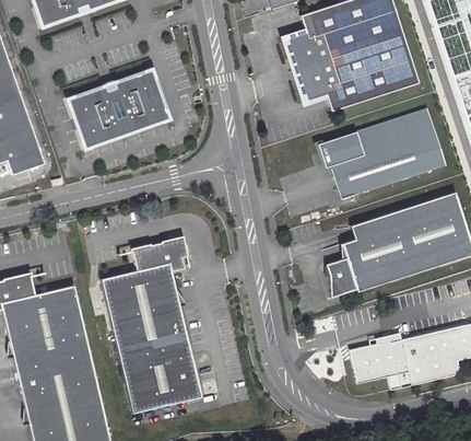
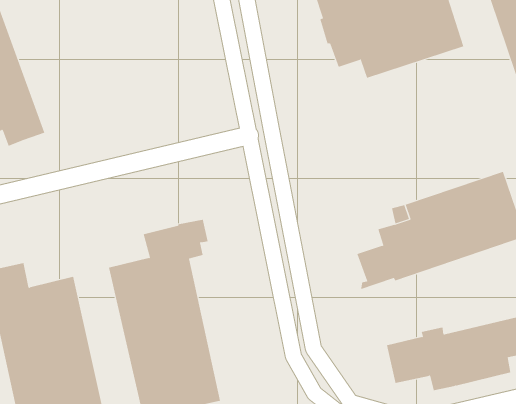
building: [68,70,168,148] -> none
building: [319,109,447,199] -> none

